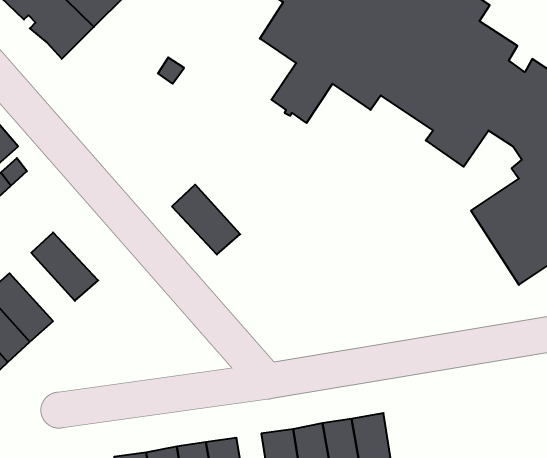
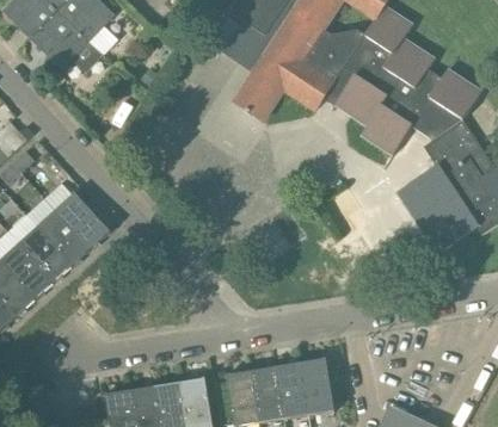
building: [172,185,240,255] -> [55,191,111,248]
building: none -> [19,225,73,281]

